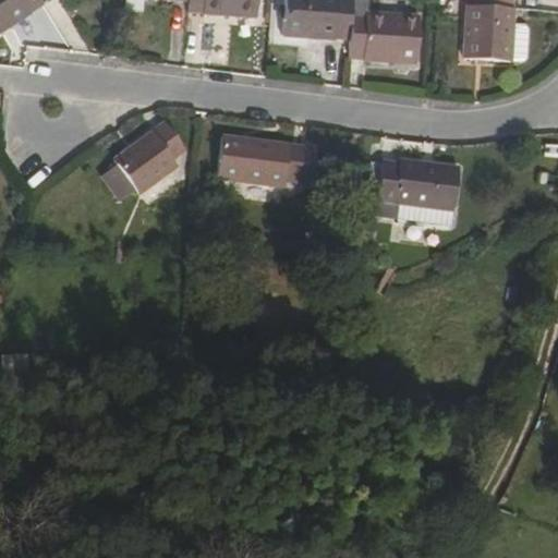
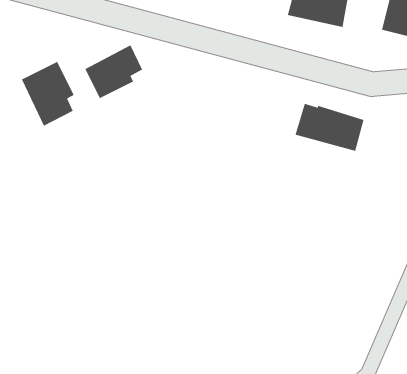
building: [218,136,310,186] -> none
building: none -> [21,61,75,127]

